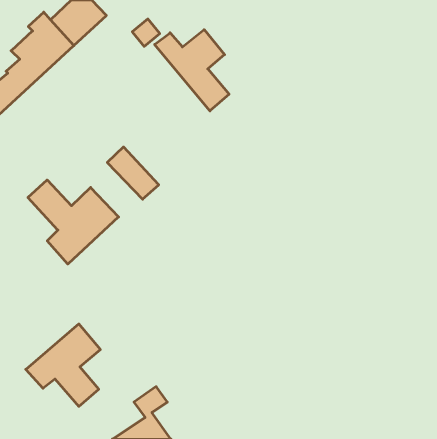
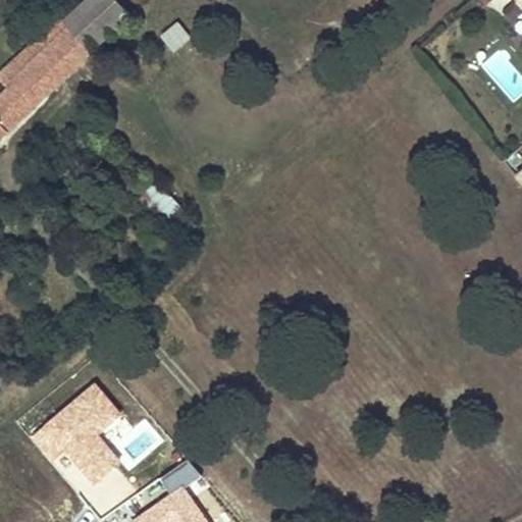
building: [155,30,229,111] -> none
building: [28,180,119,264] -> none

